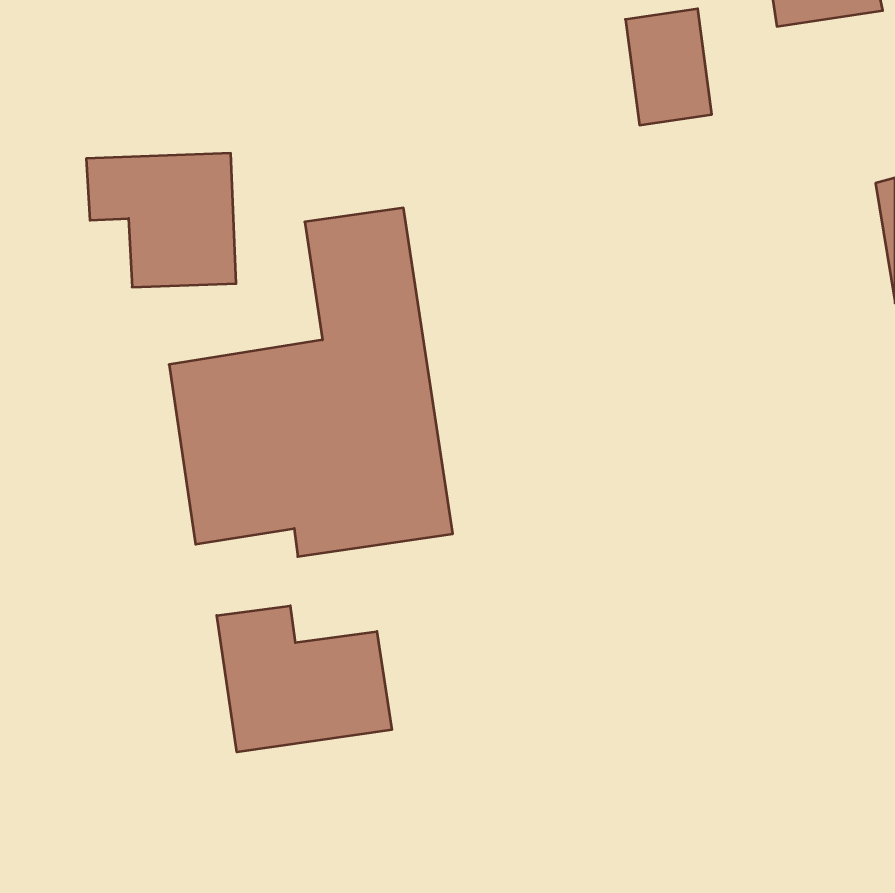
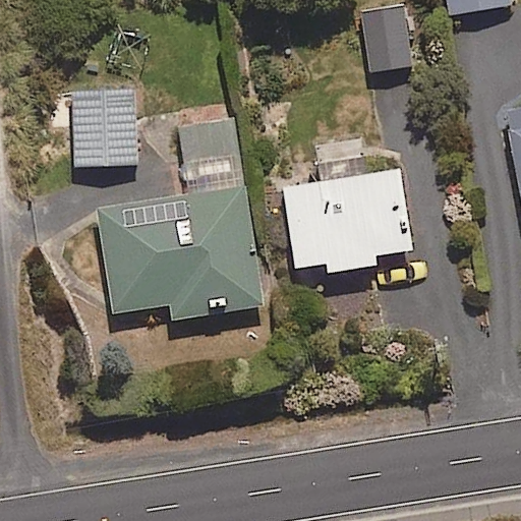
building: none -> [278,135,410,276]
building: [217,606,392,752] -> none

